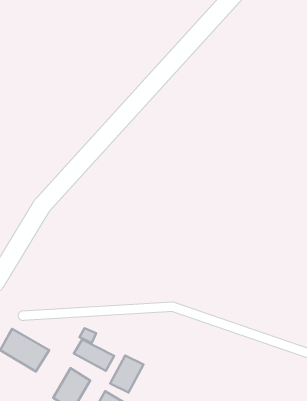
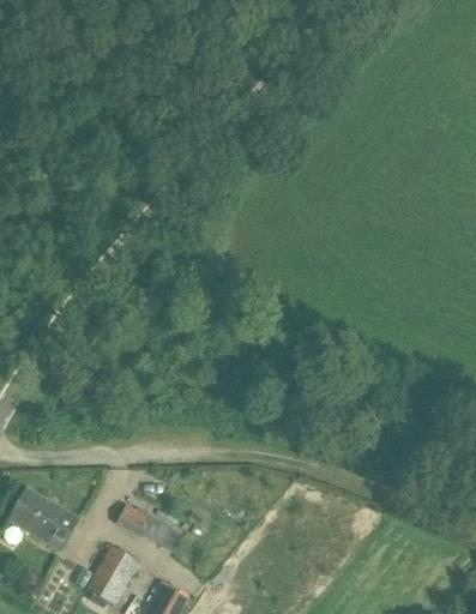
building: [110,355,144,393] -> none

